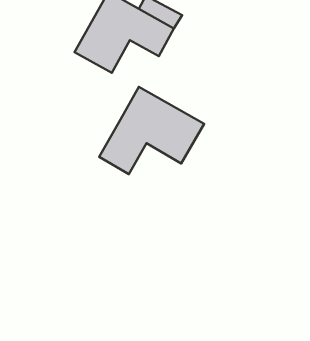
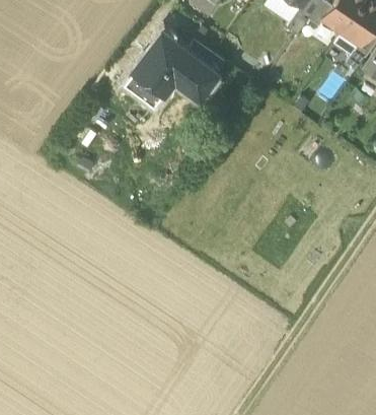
building: [99,87,204,174] -> none

